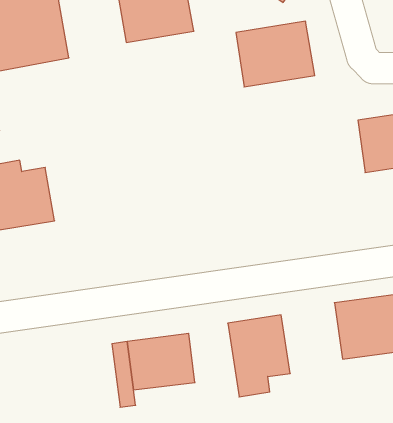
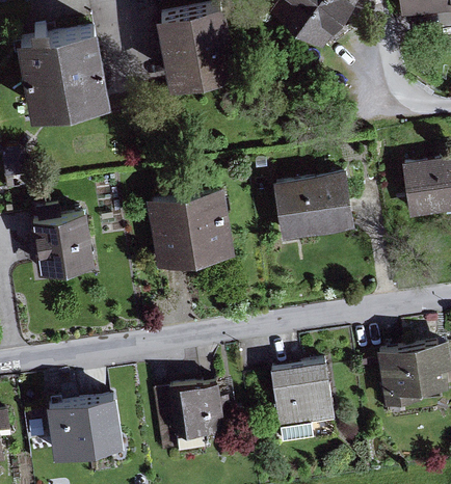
building: [236,21,315,87] -> [274,171,354,238]
building: none -> [147,188,235,267]
building: none -> [46,395,124,458]

